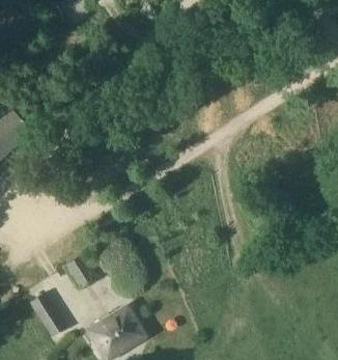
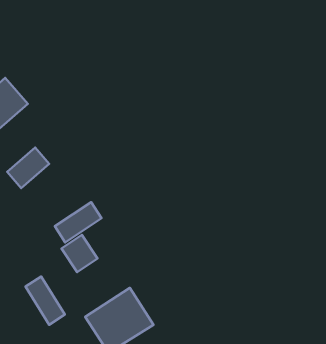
building: none -> [7,147,49,188]
building: none -> [55,202,101,242]

